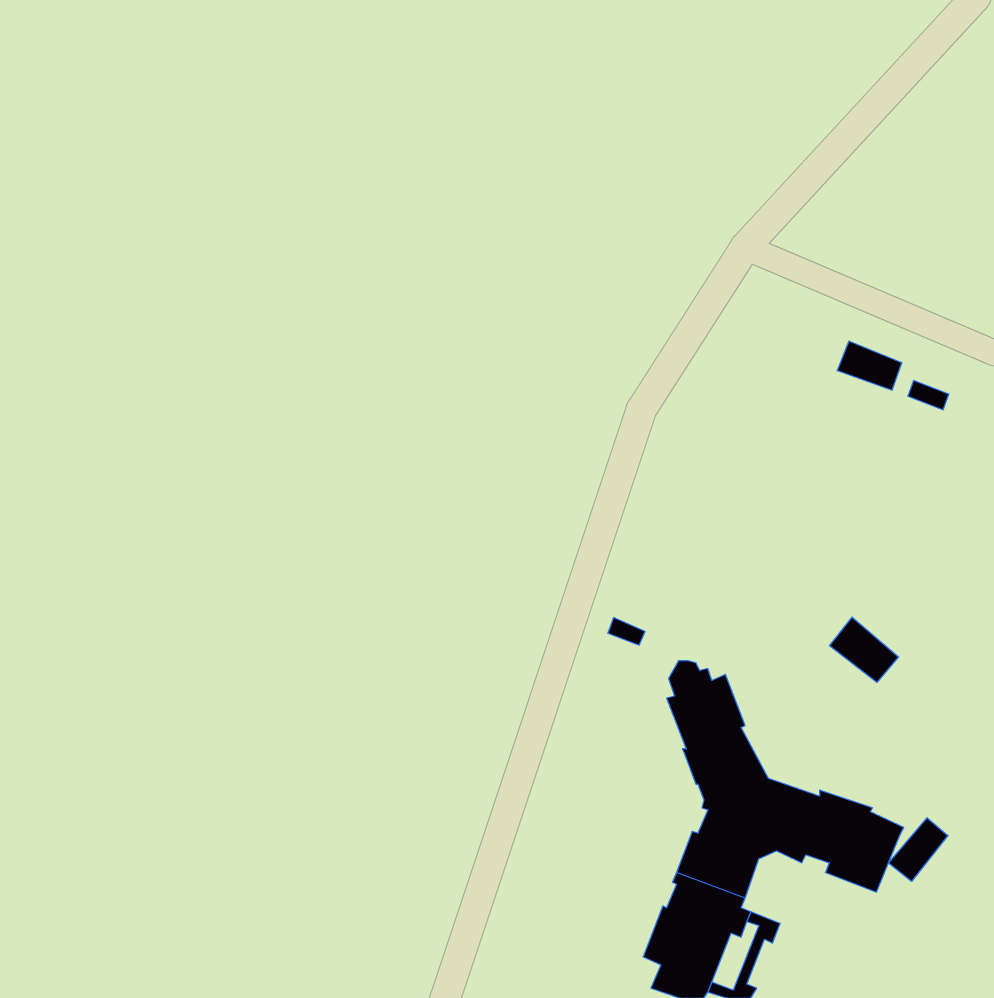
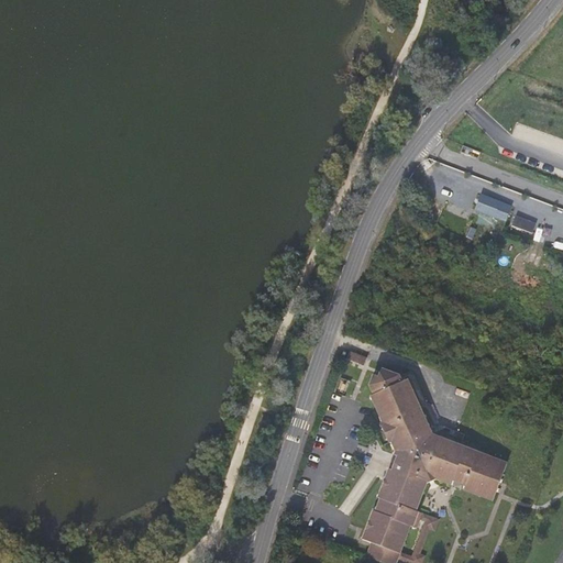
building: [829,617,899,682] -> none
building: [888,818,948,881] -> none

